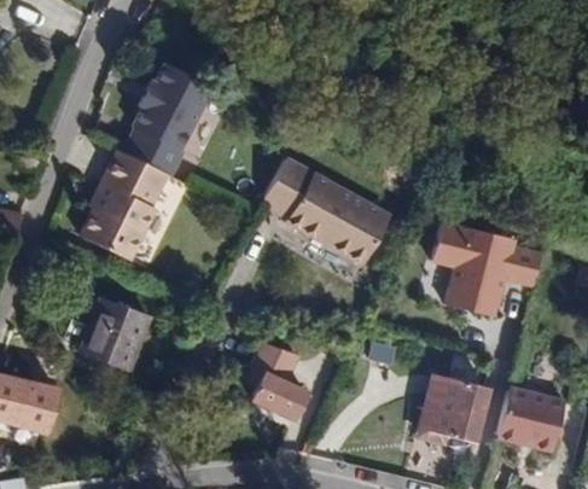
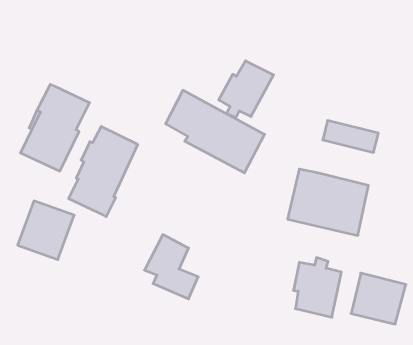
building: [126,62,213,175] -> [69,126,138,217]
building: none -> [219,61,274,117]
building: [455,237,525,276] -> [323,121,378,152]

